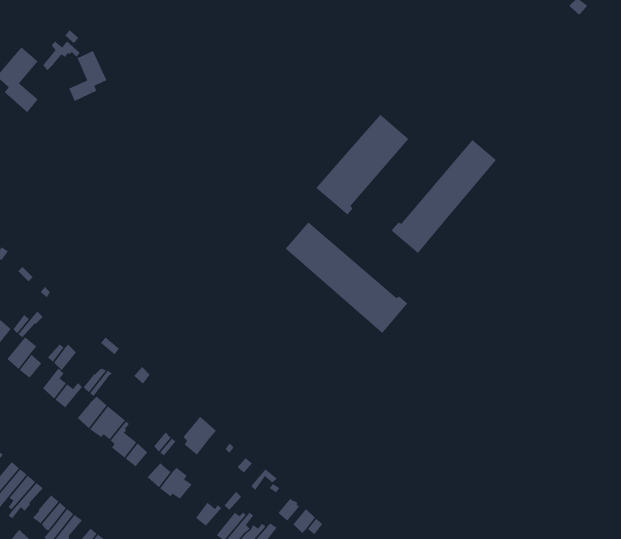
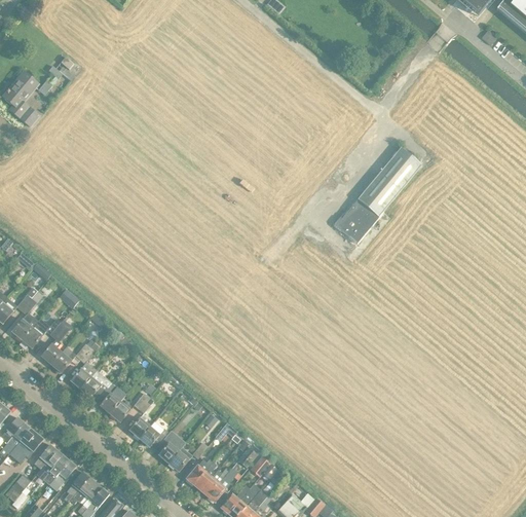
building: [69,50,107,102] -> none
building: [315,114,409,215] -> none
building: [285,221,408,334] -> none
building: [182,416,217,455] -> [156,431,185,464]

